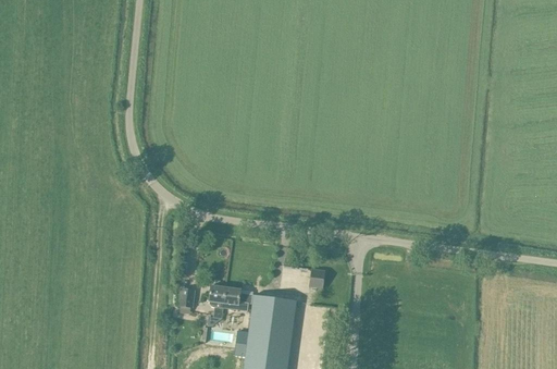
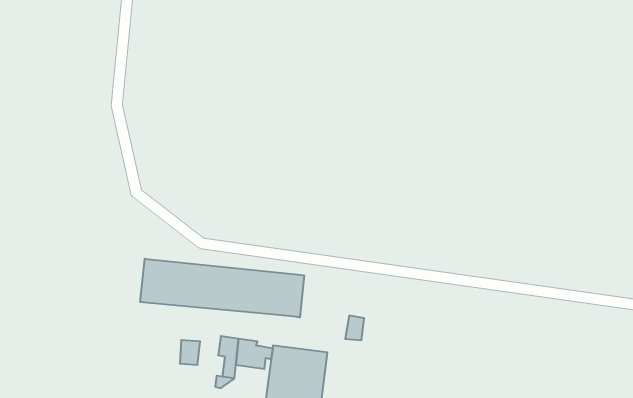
building: none -> [140,259,304,318]

